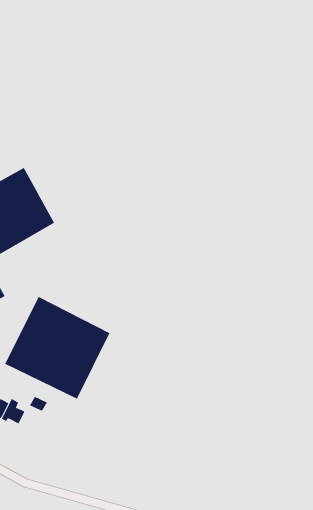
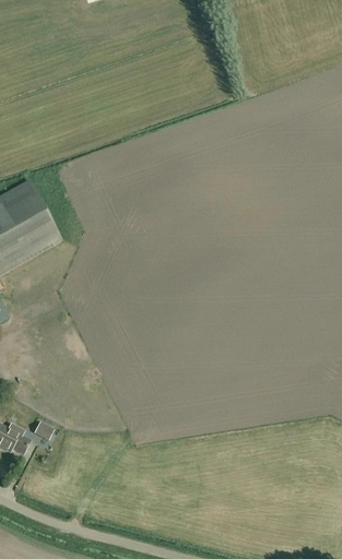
building: [4,296,110,400] -> none

